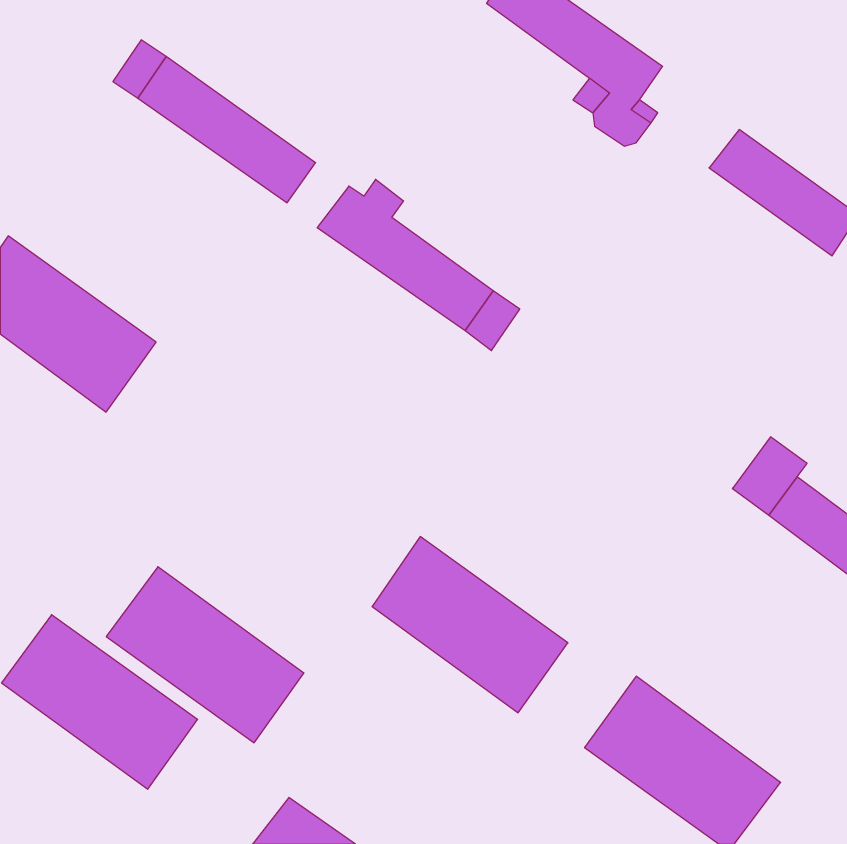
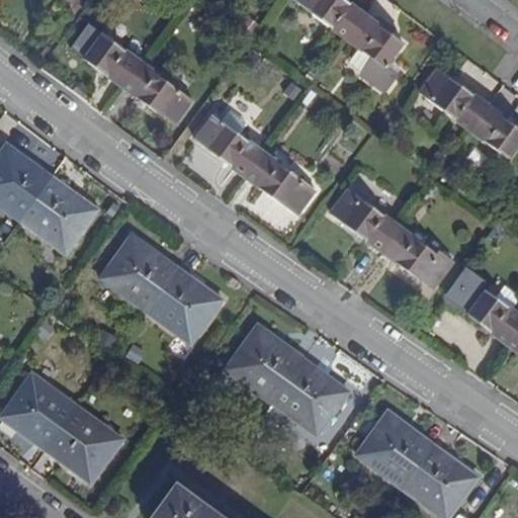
building: none -> [335,191,452,285]
building: [106,567,304,743] -> [101,235,222,342]

